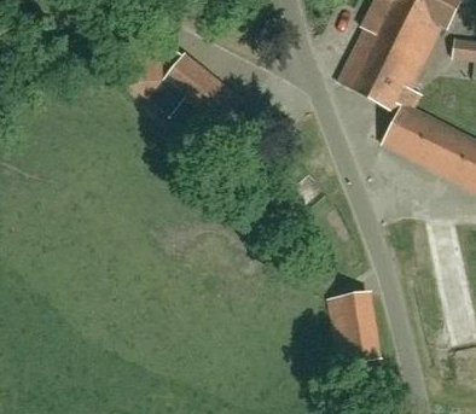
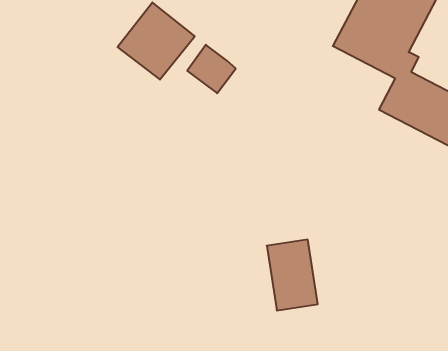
building: [329,293,378,362] -> [267,240,318,310]

